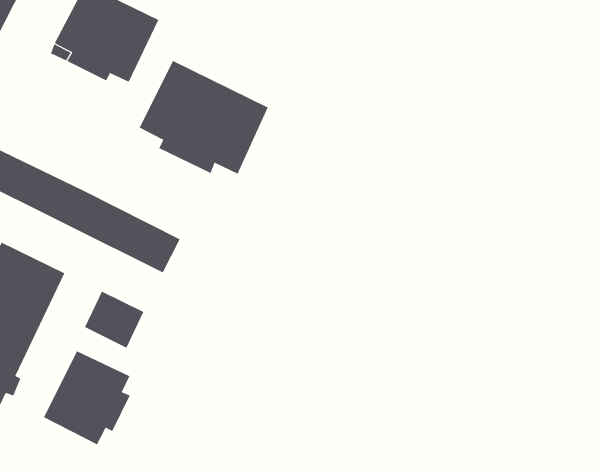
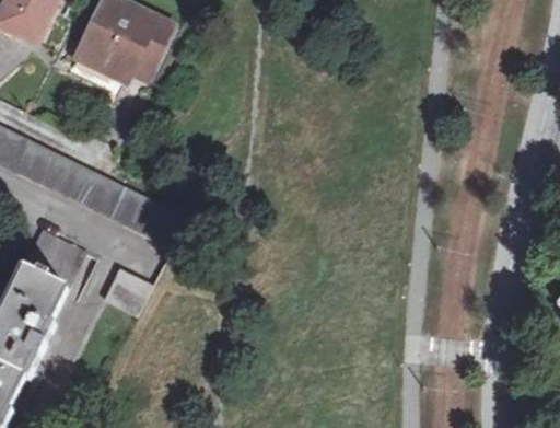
building: [139,60,269,174] -> none
building: [43,351,131,445] -> none

